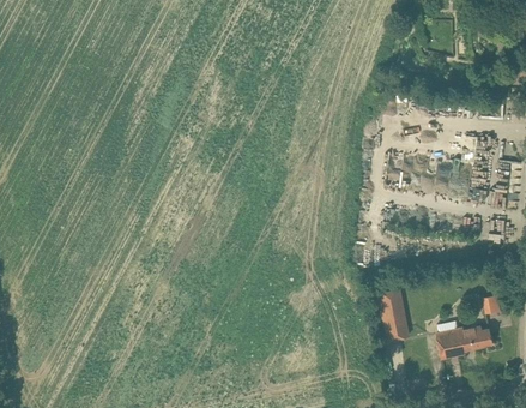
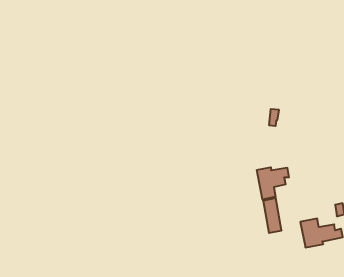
building: none -> [257,167,289,199]

